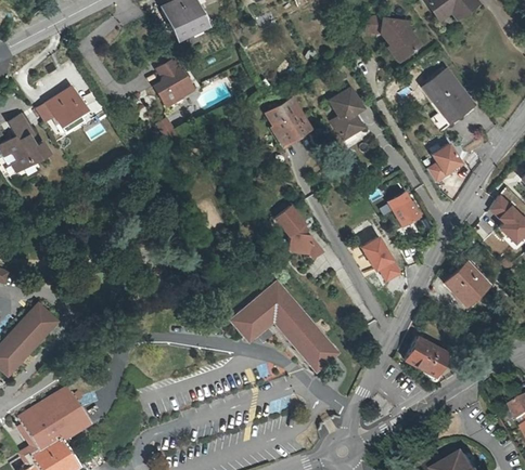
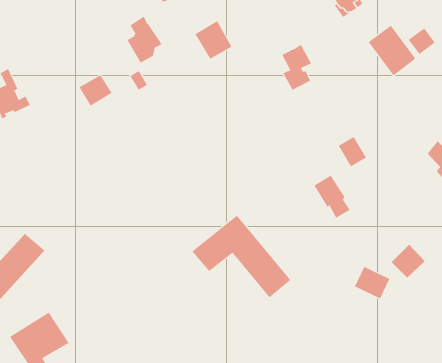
building: none -> [408,28,435,55]
building: [47,87,85,122] -> [79,74,112,106]
building: [269,99,311,142] -> [194,21,232,59]
building: [428,142,466,183] -> none
building: [273,205,321,257] -> none
building: [445,260,484,299] -> [391,244,426,279]

